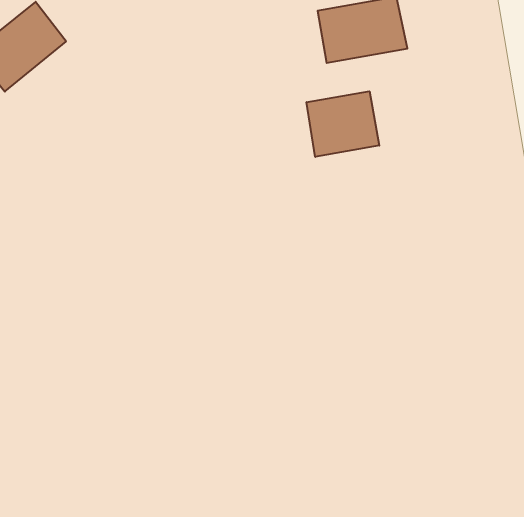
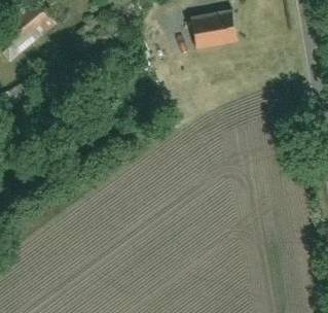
building: [307,91,379,157] -> none

